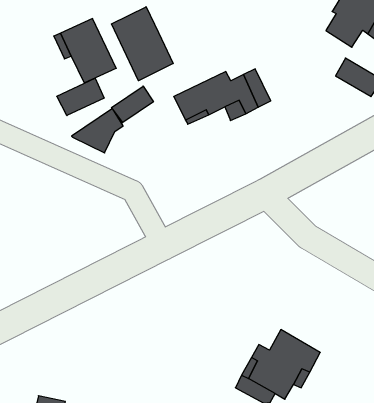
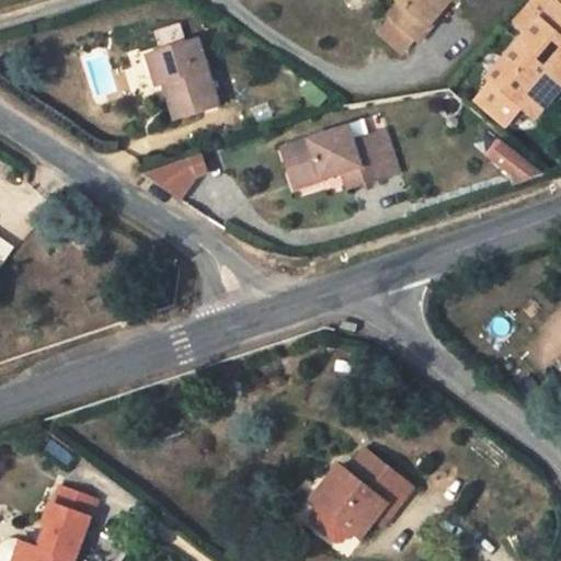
building: [111,7,173,81] -> none
building: [57,78,104,116] -> none
building: [112,86,153,123] -> none

